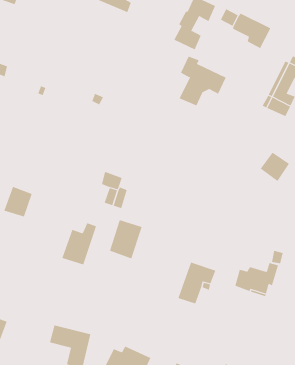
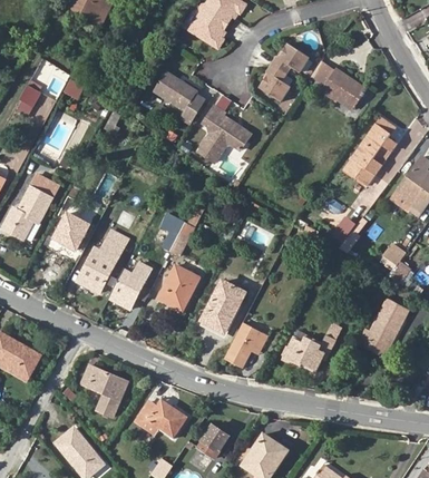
building: none -> [153,70,203,123]
building: [179,56,226,106] -> [198,106,252,160]
building: none -> [78,230,127,291]
building: none -> [202,281,244,331]

